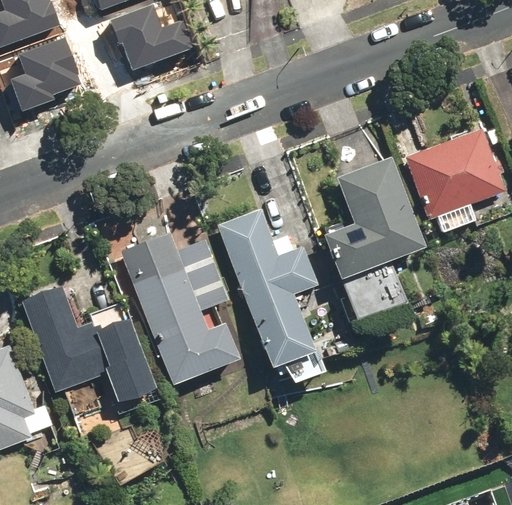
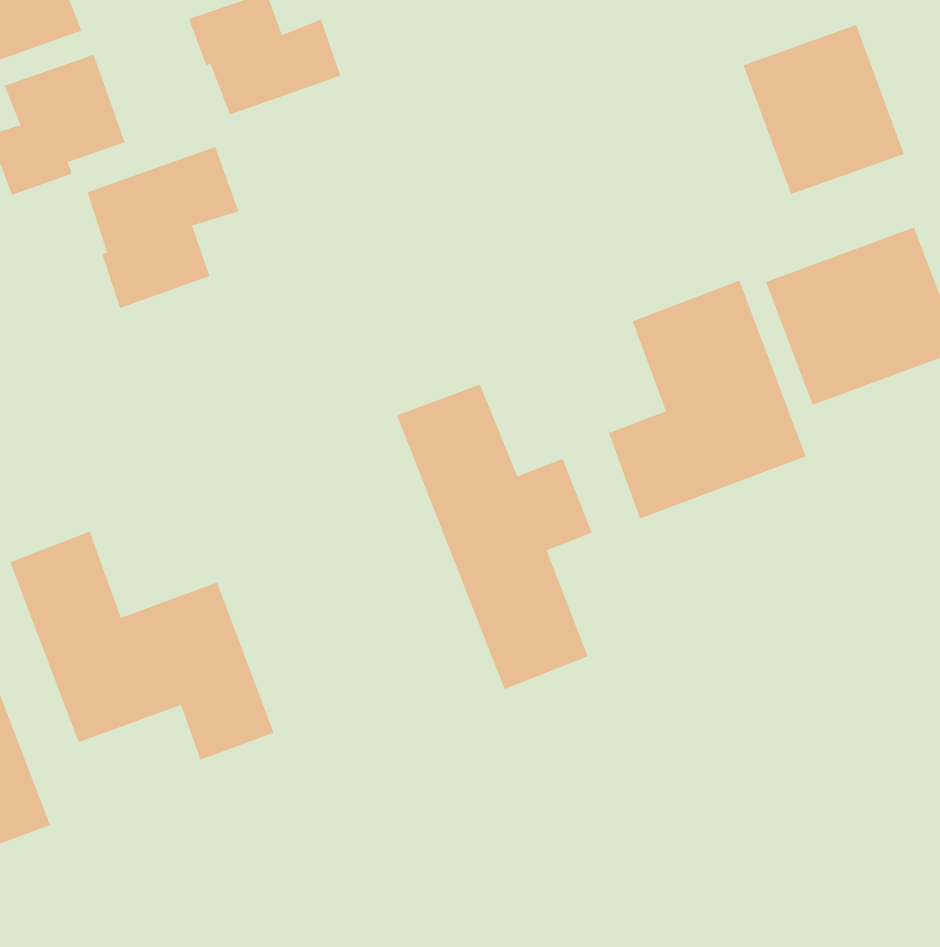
building: none -> [743,24,905,195]
building: none -> [87,146,239,309]
building: [122,231,238,382] -> none

